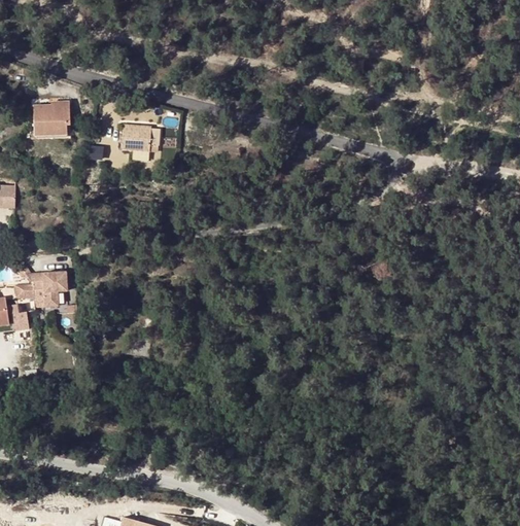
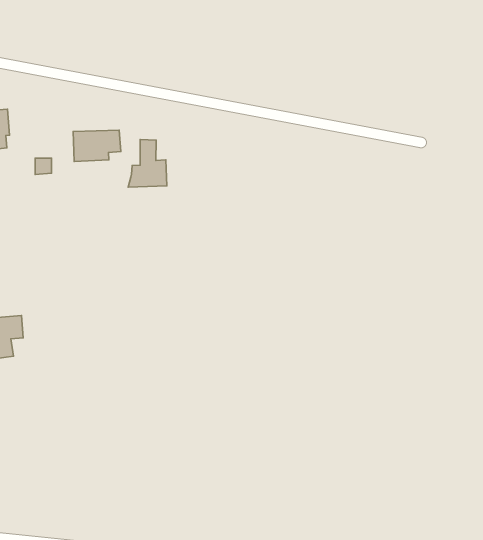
building: none -> [128,139,167,187]

